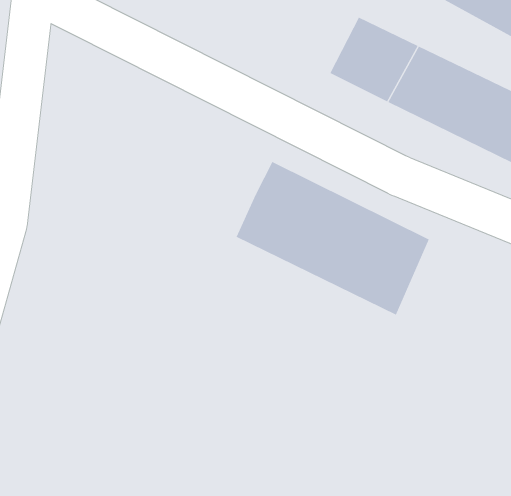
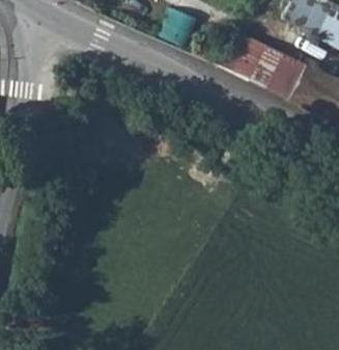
building: [236,161,430,315] -> none

